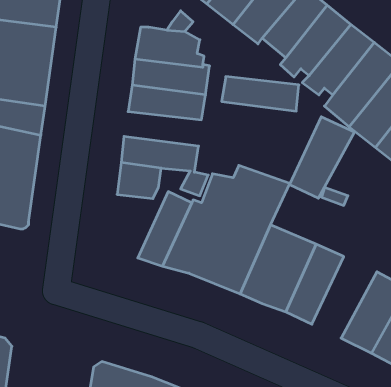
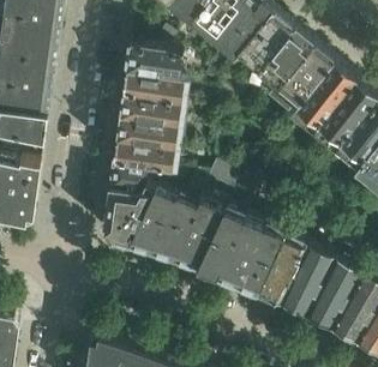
building: [222,77,299,111] -> [115,120,182,150]
building: [289,117,354,198] -> [278,246,335,317]
building: none -> [103,186,154,247]

